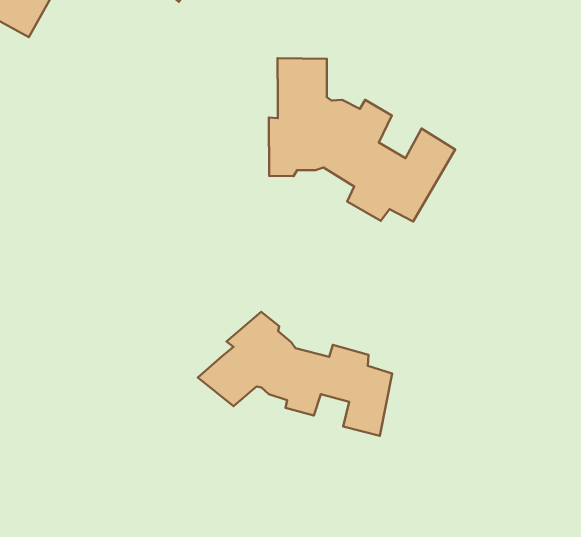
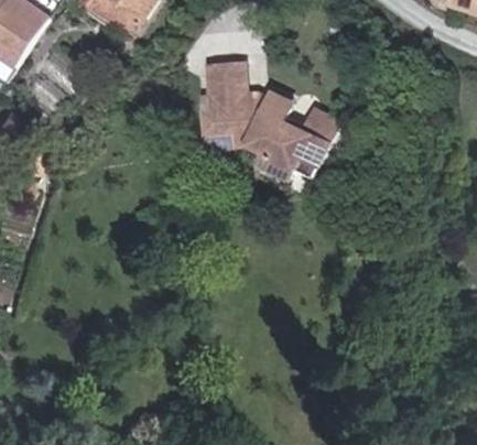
building: [198,312,392,436] -> none

